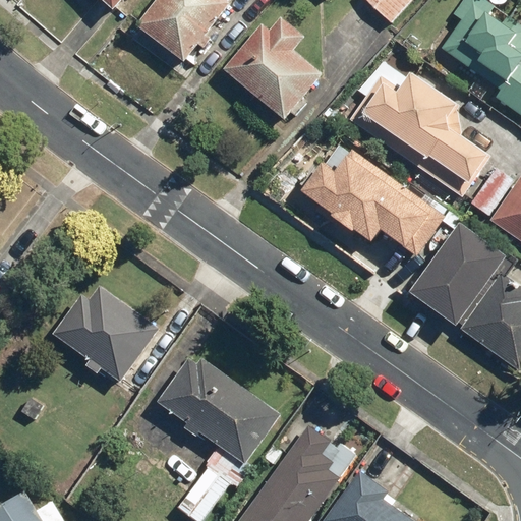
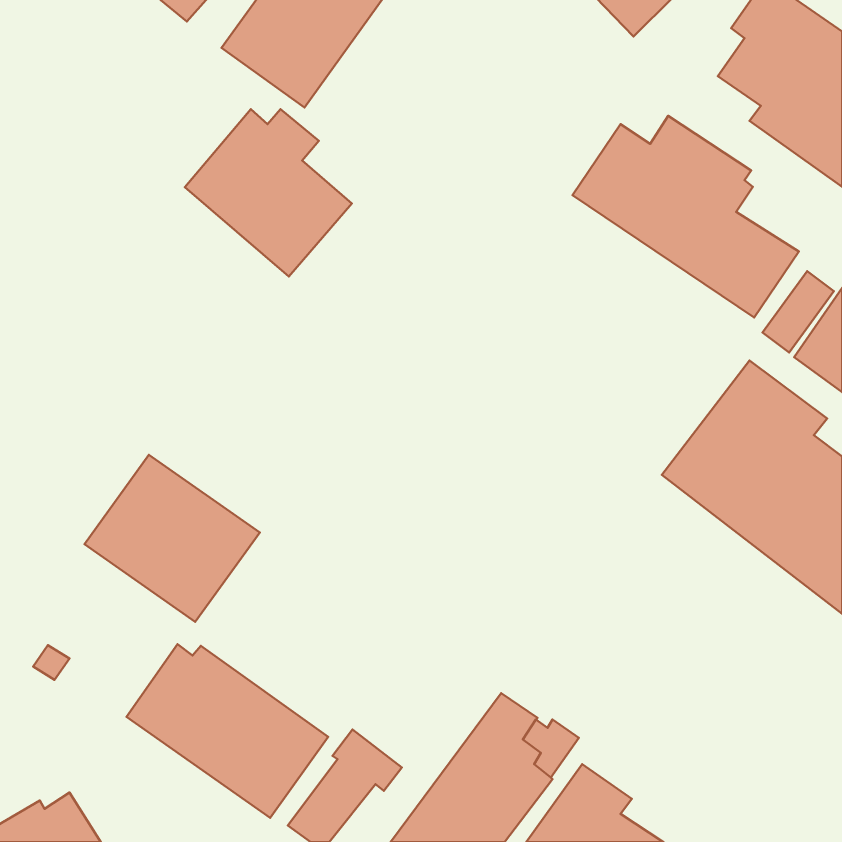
building: [222,16,325,119] -> [185,109,352,276]
building: [301,140,449,259] -> none
building: [157,357,281,464] -> [126,644,328,818]

